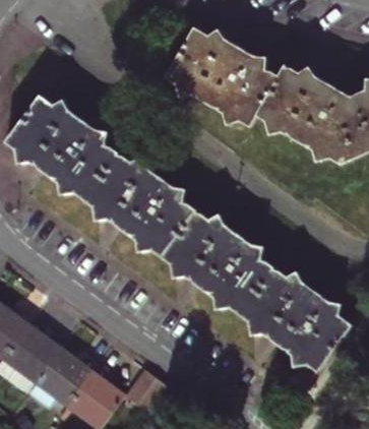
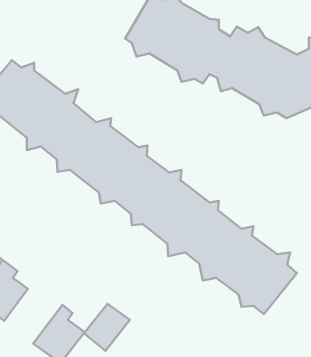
building: [35,348,98,407] -> none

